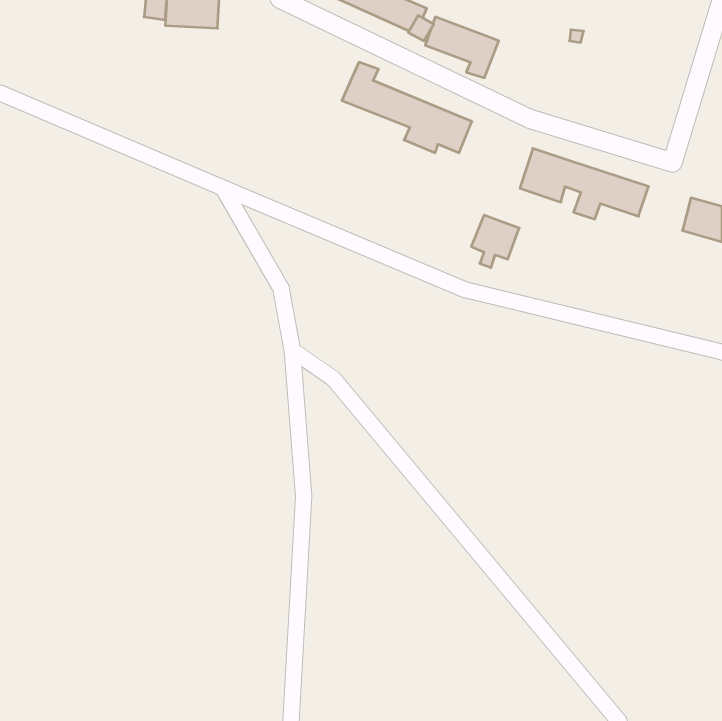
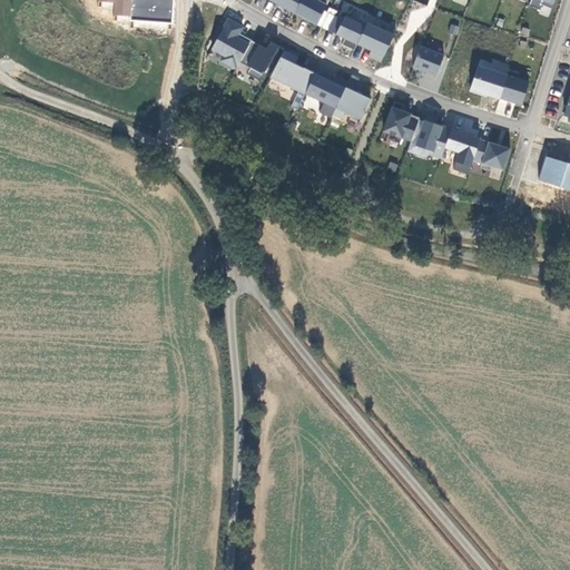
building: none -> [208,16,278,80]
building: none -> [413,46,444,76]
building: none -> [471,57,529,104]
building: [471,215,519,268] -> [382,106,420,147]

